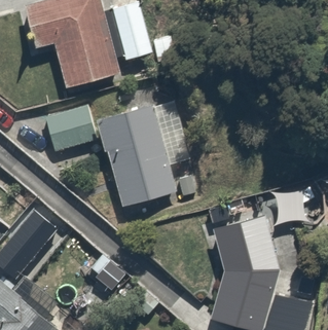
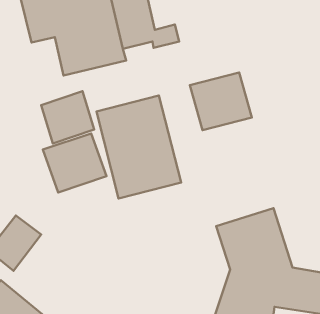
building: none -> [190,73,252,130]
building: none -> [43,133,107,192]

